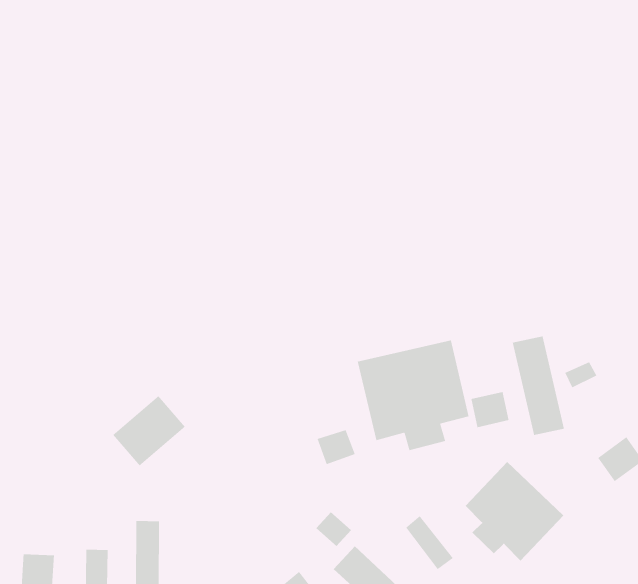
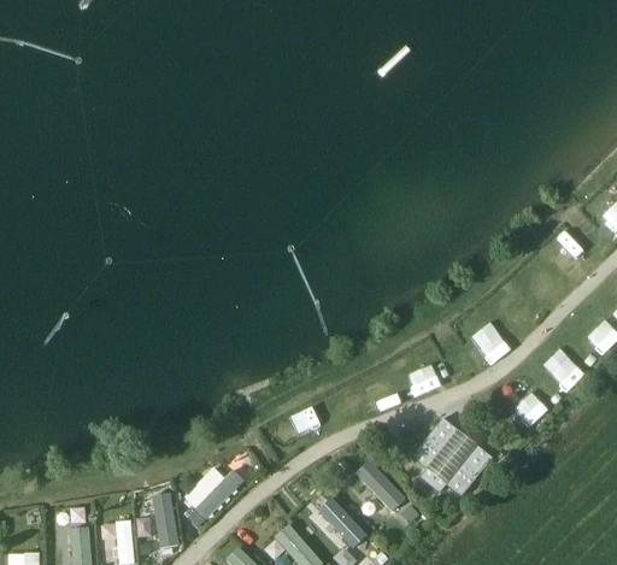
building: [512,335,565,436] -> none
building: [357,339,469,451] -> none
building: [112,395,186,466] -> [182,461,240,519]

